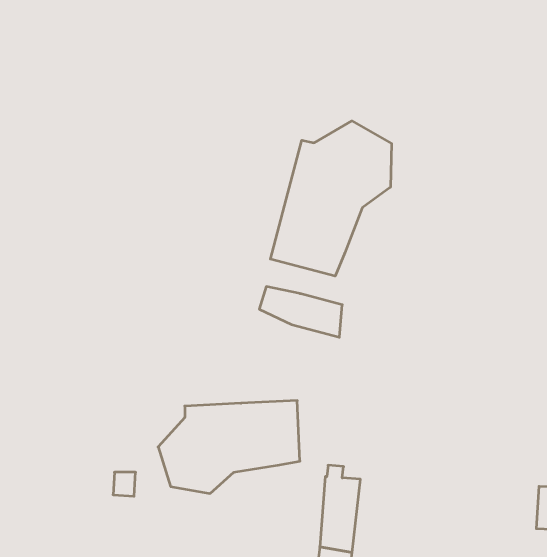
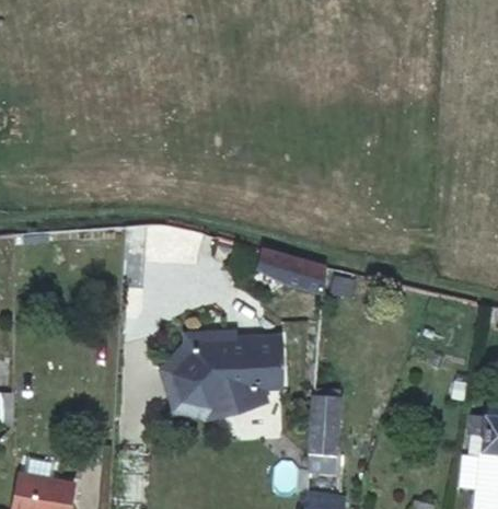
building: [270,121,392,276] -> none
building: none -> [161,332,269,420]

